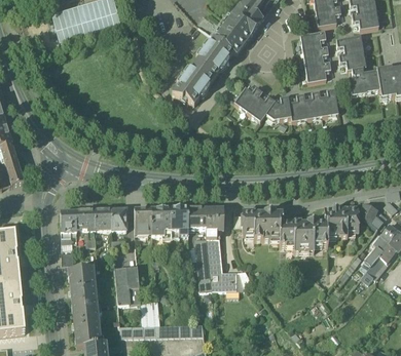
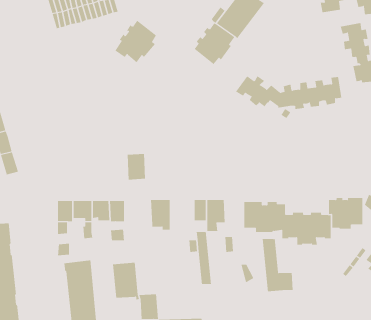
building: [301,32,331,82] -> none
building: [173,62,214,104] -> [115,20,157,63]
building: [135,207,153,233] -> [127,154,146,180]
building: [172,207,189,237] -> none
building: [207,238,238,289] -> [262,239,294,292]

